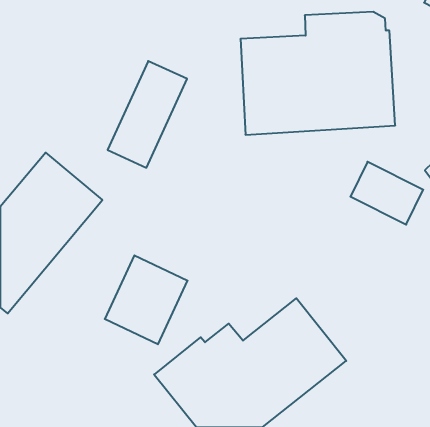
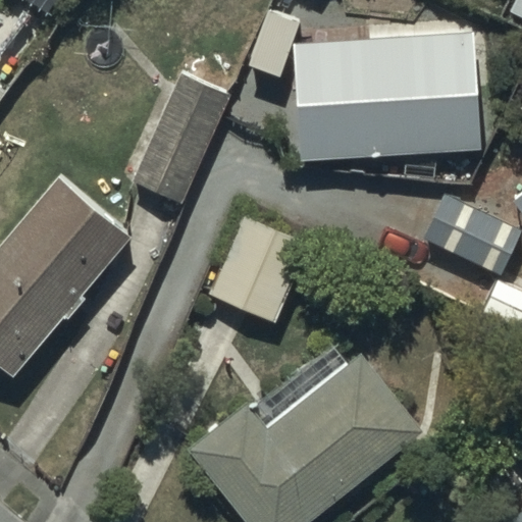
building: [105,255,188,344] -> [210,216,310,323]

